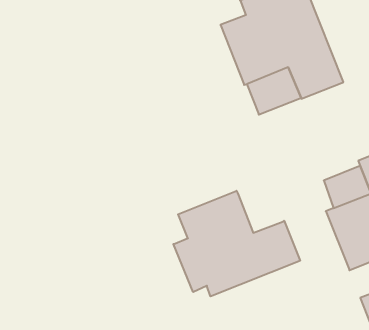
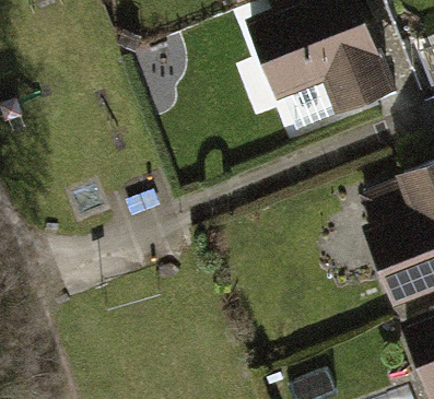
building: [173,191,300,296] -> none

